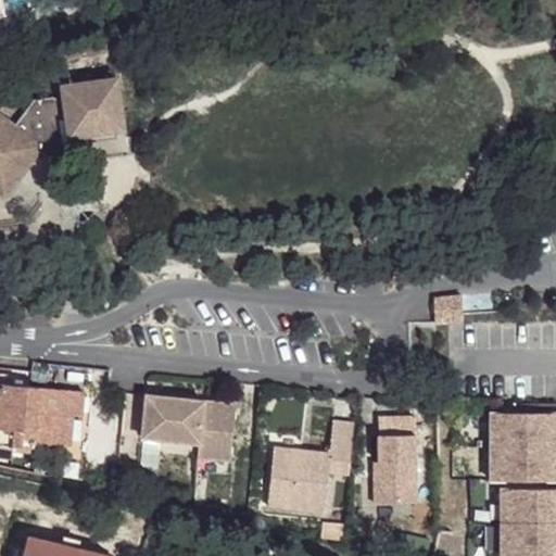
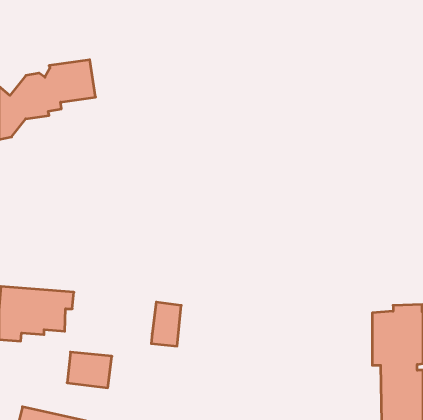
building: [146,395,204,442] -> [67,352,112,388]
building: [374,420,418,505] -> none
building: [266,422,354,513] -> none

